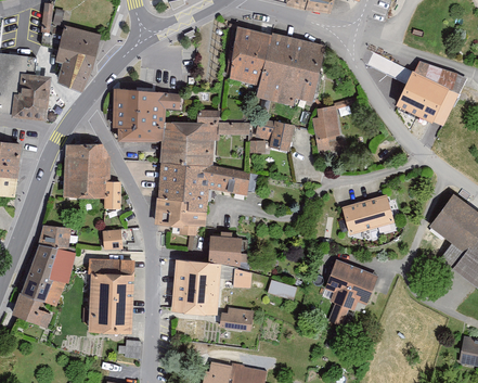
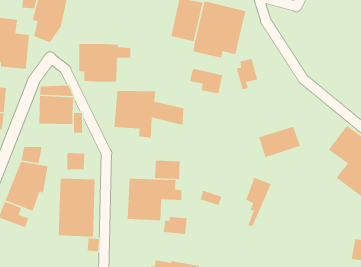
building: [393,62,465,130] -> none
building: [162,108,248,149] -> none
building: [153,195,206,233] -> none
building: [335,267,379,324] -> none

